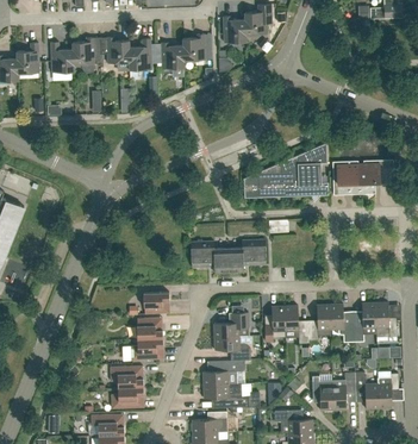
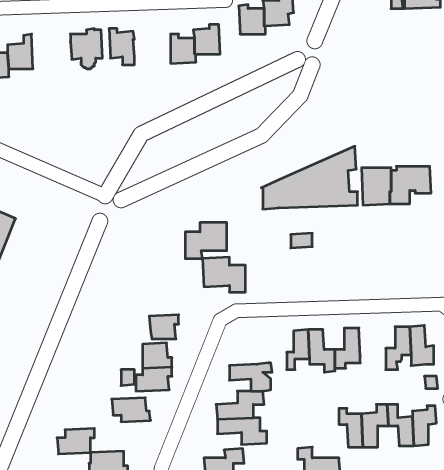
building: [129,38,151,77] -> none
building: [51,42,74,71] -> none
building: [229,239,266,271] -> [185,223,227,259]
building: [330,304,354,342] -> none
building: [214,312,249,337] -> none
building: [111,386,144,408] -> [57,428,94,454]

